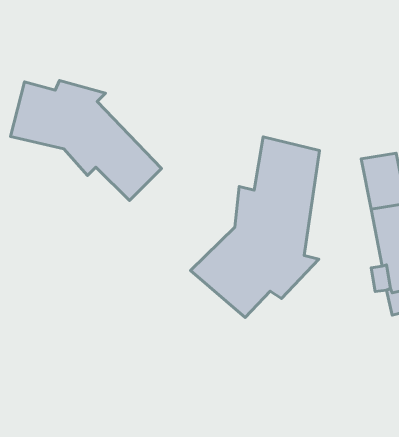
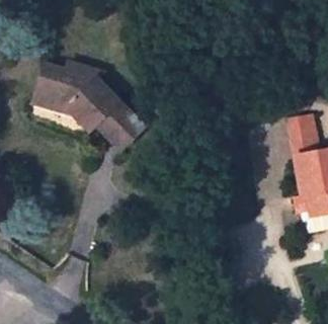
building: [191,137,319,317] -> none

